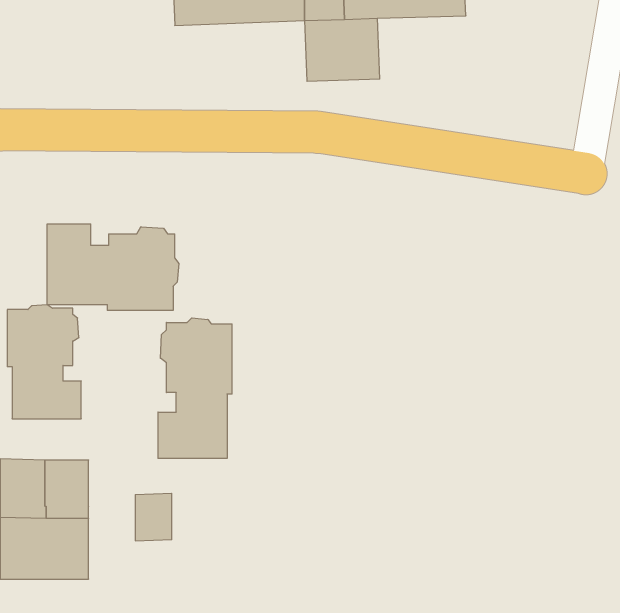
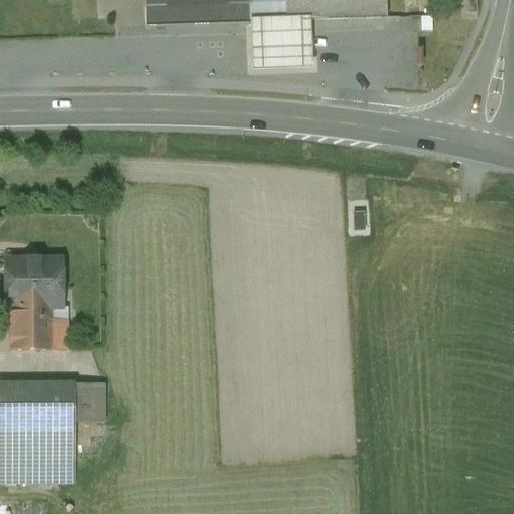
building: [47,224,179,310] -> none
building: [158,318,232,458] -> none
building: [135,493,172,541] -> [73,379,103,419]

